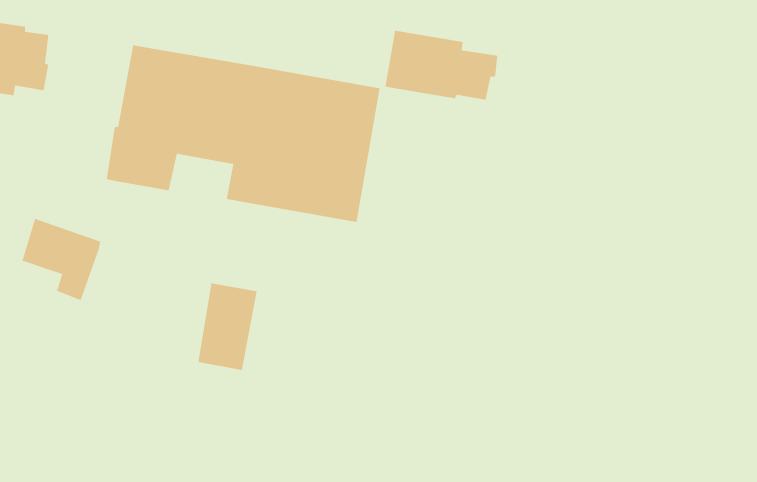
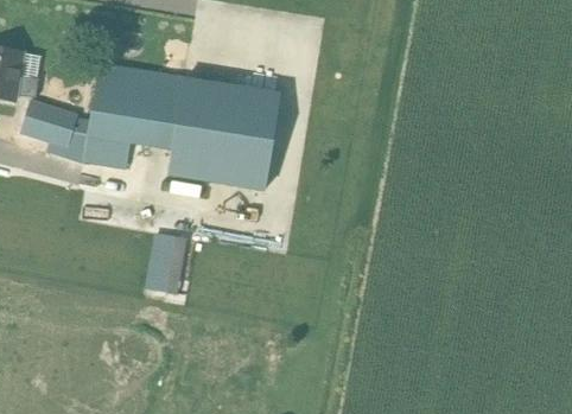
building: [384,30,498,100] -> none
building: [21,218,101,301] -> [21,97,78,157]

